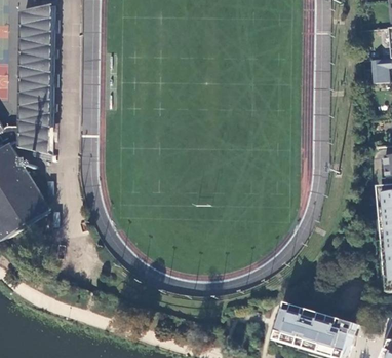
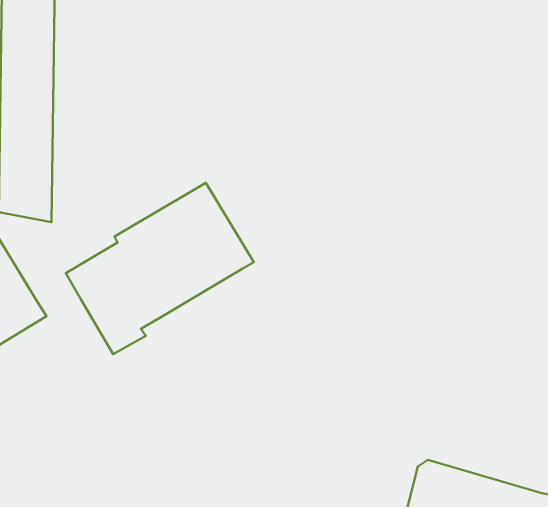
building: none -> [66,183,254,354]

